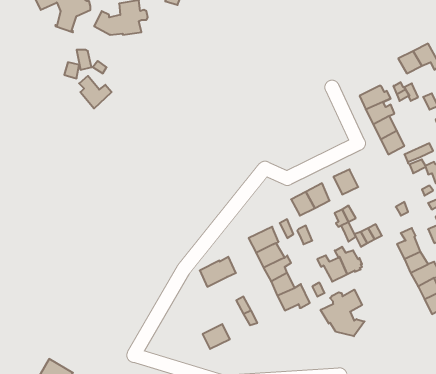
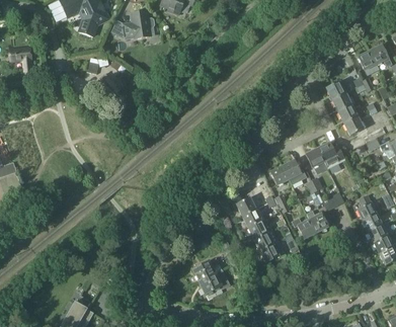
building: none -> [318,143,345,169]
building: [200,257,236,287] -> [192,257,222,281]
building: [321,290,365,336] -> none

